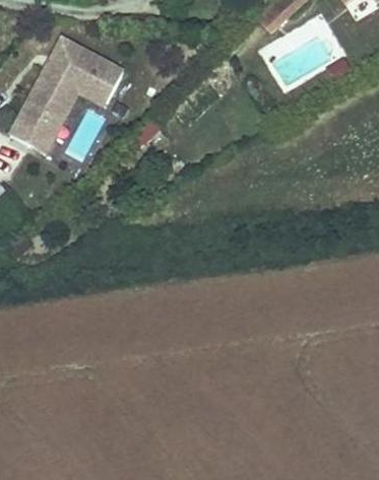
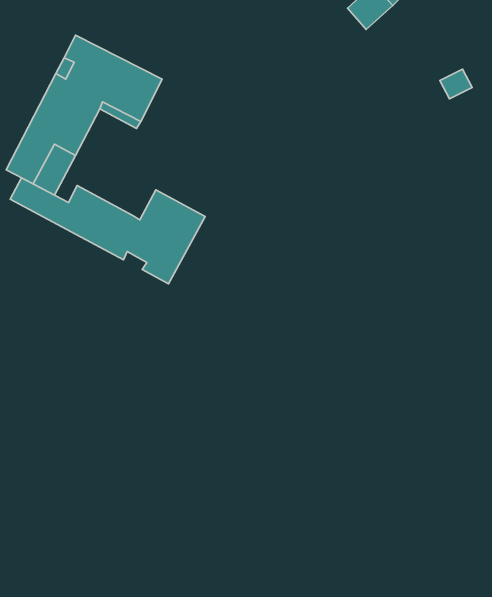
building: none -> [10,178,205,284]

